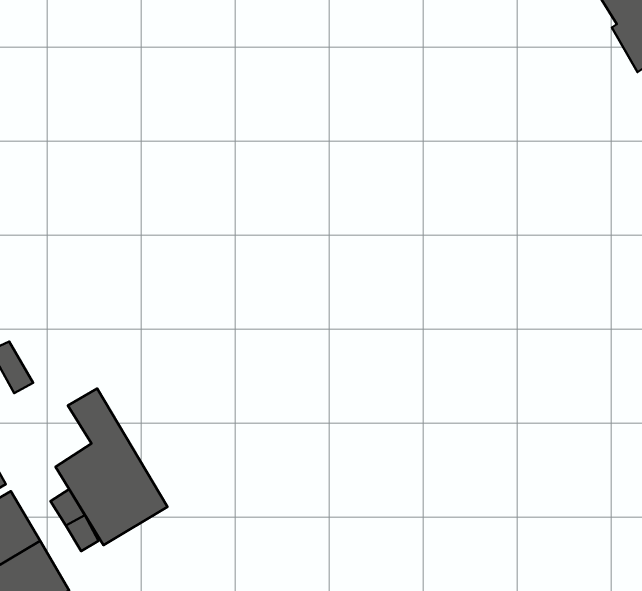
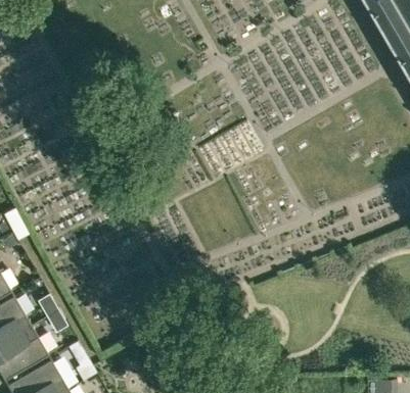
building: [56,388,167,545] -> none

